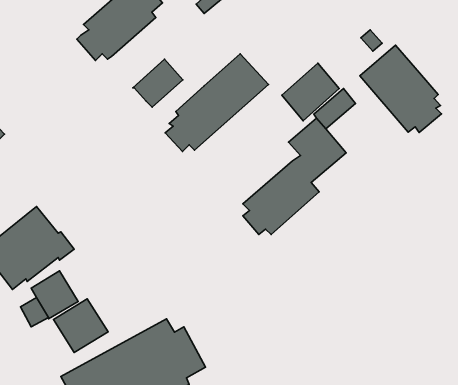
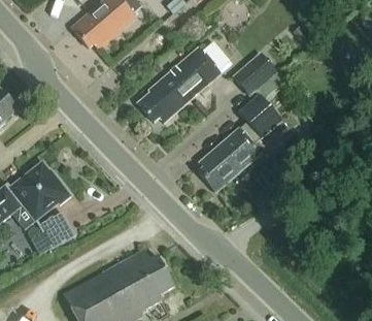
building: [360,45,441,132] -> none
building: [133,59,183,107] -> none
building: [53,299,108,352] -> none

